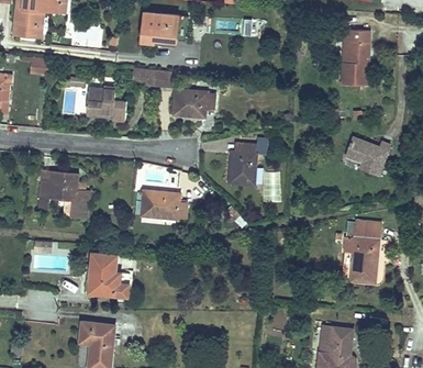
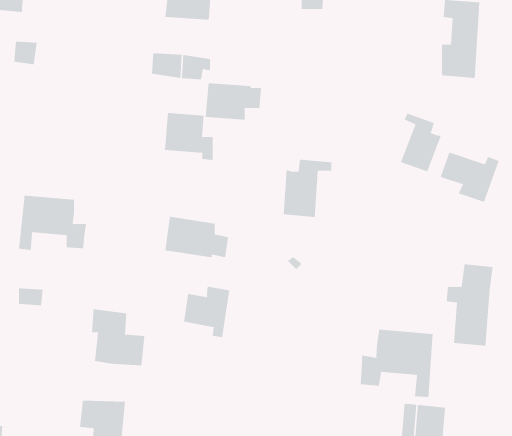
building: [84,86,120,121] -> [164,113,213,161]
building: none -> [400,113,441,172]
building: none -> [183,286,230,338]
building: none -> [360,329,433,398]

